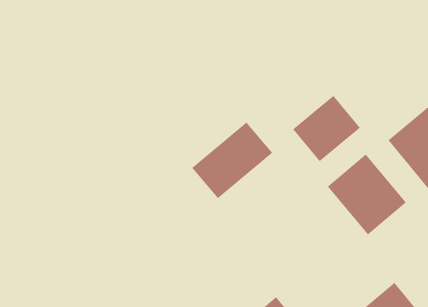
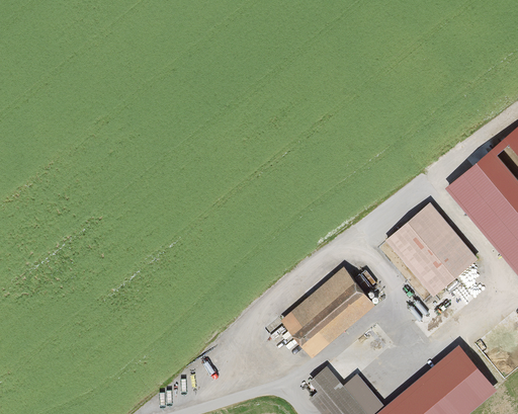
building: [292,95,361,162] -> none
building: [191,122,273,199] -> [279,268,372,356]

